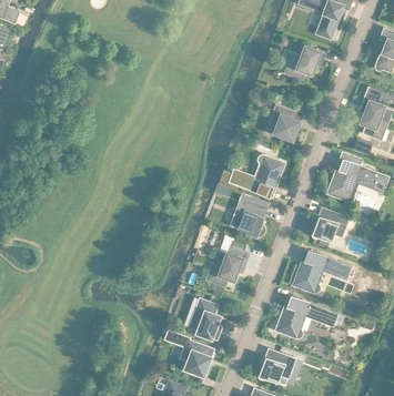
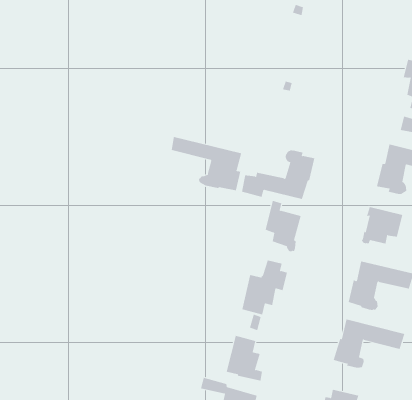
building: [285,48,324,80] -> none
building: [273,105,299,140] -> none
building: none -> [171,136,242,191]

